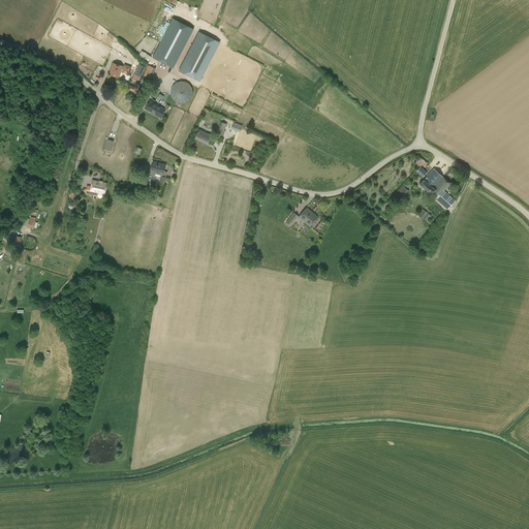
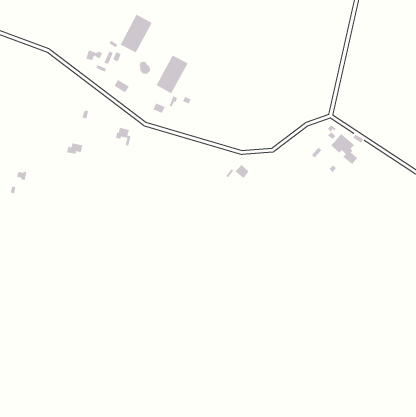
building: [178,32,219,82] -> [156,55,189,94]

